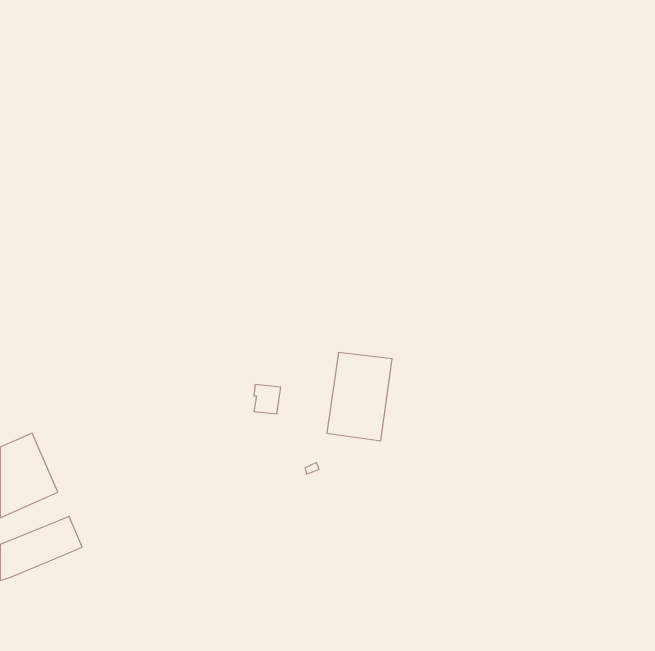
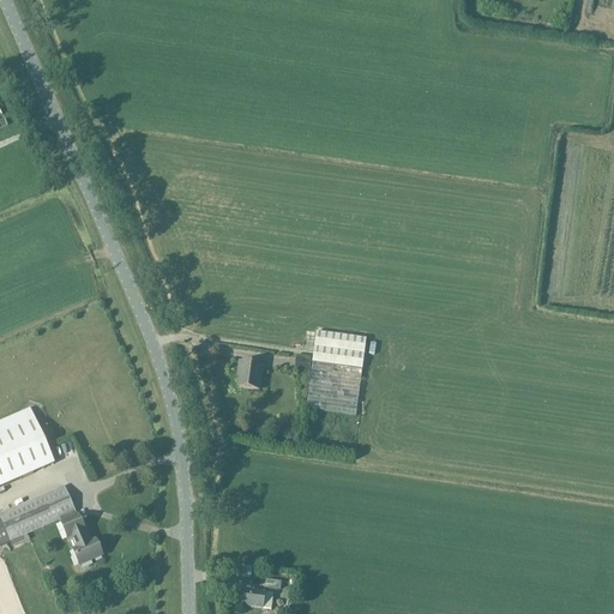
building: none -> [60,512,102,562]
building: none -> [241,582,279,604]

